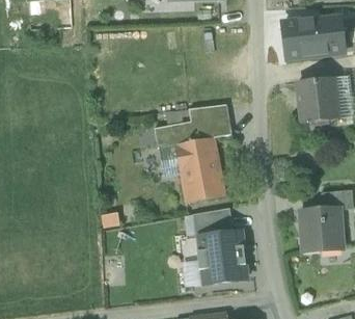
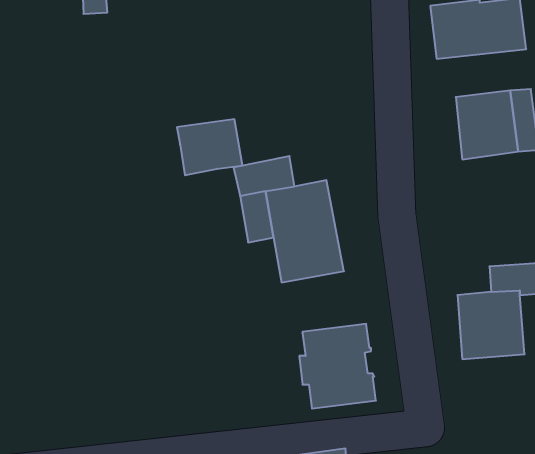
building: [188,104,230,140] -> [177,119,242,175]
building: [192,208,231,237] -> none

